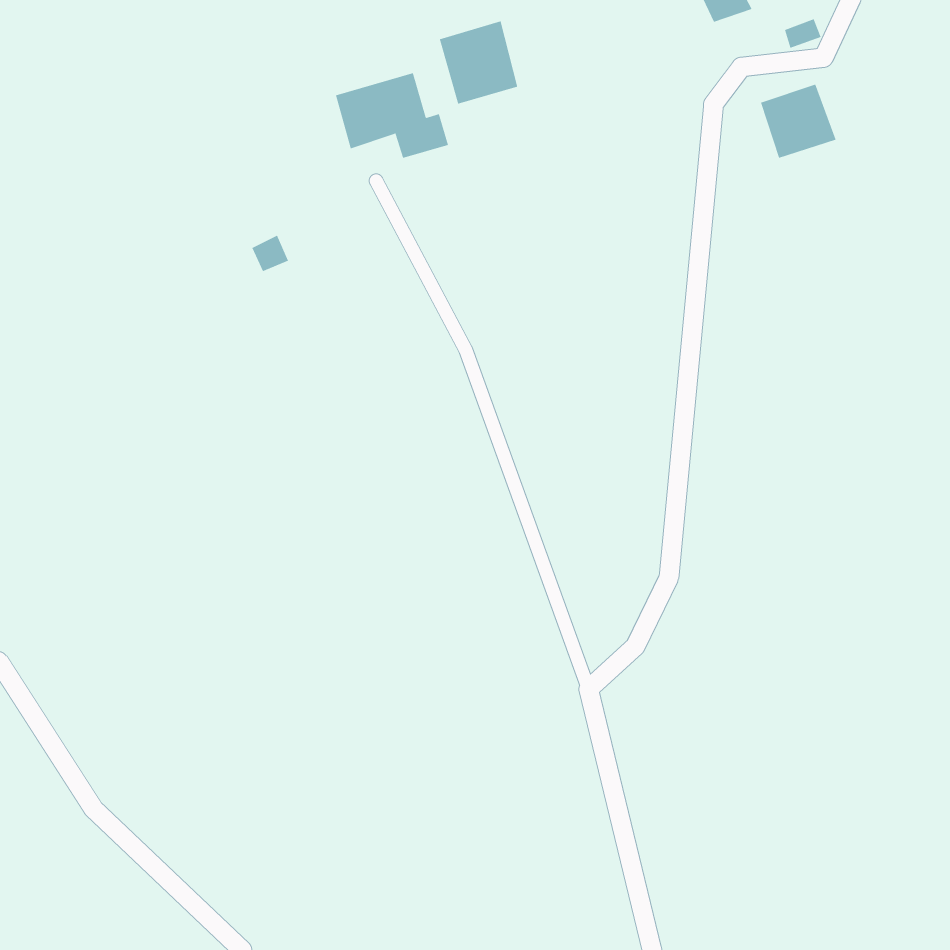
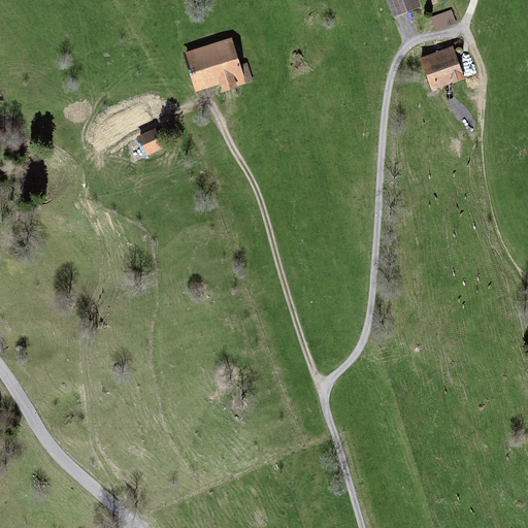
building: [439,21,518,104] -> none

